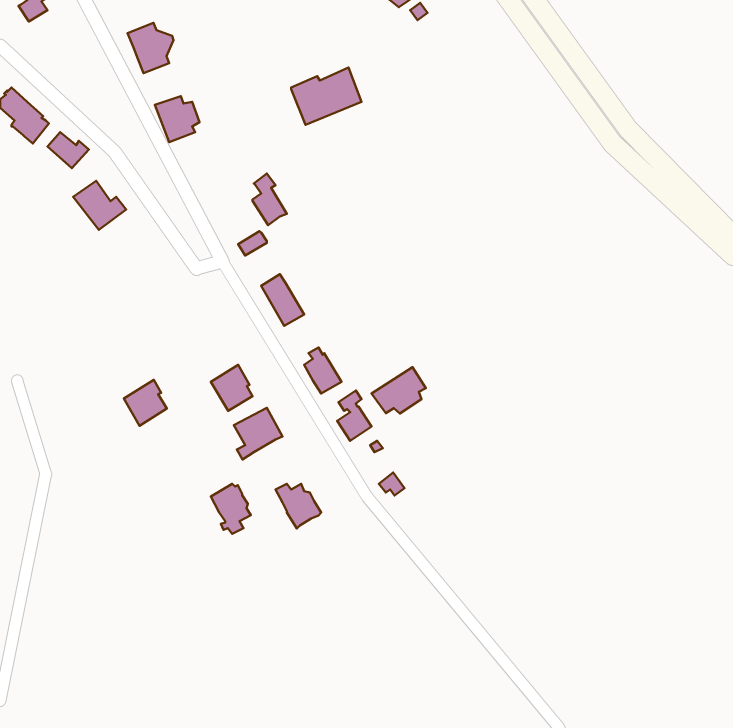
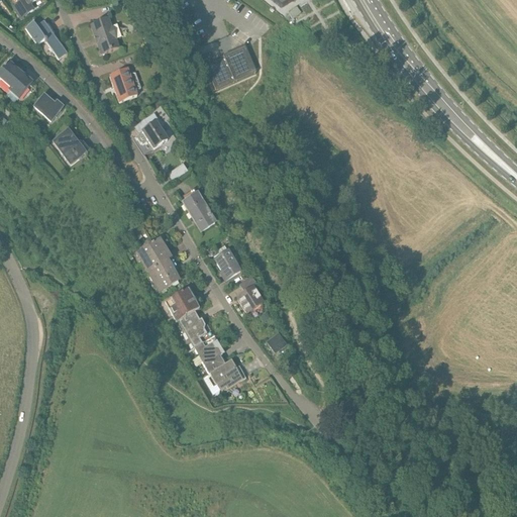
building: none -> [25,17,66,57]
building: [253,174,287,225] -> [142,110,167,146]
building: [372,367,426,413] -> none
building: [124,380,167,426] -> [137,236,168,269]
building: [211,484,251,534] -> [179,309,207,344]
building: none -> [211,358,245,387]

